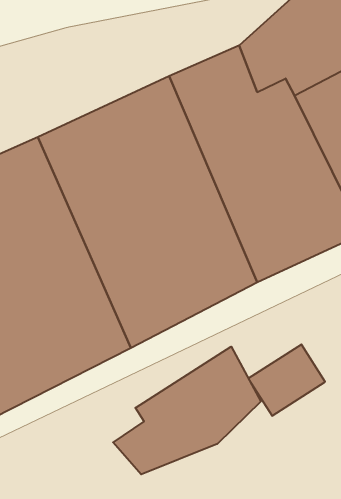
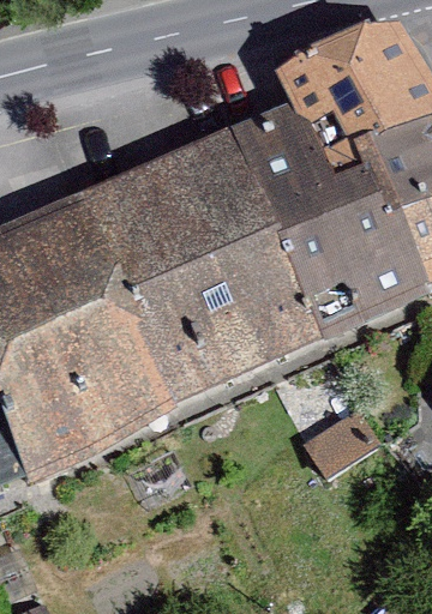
building: [113,347,261,474] -> none

